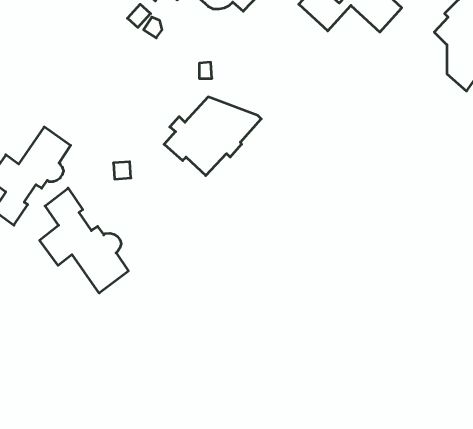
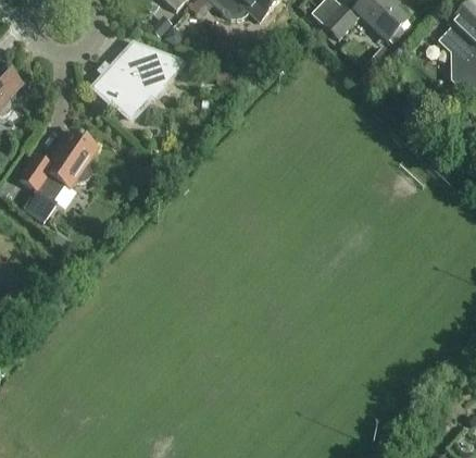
building: [164,97,261,176] -> [91,41,183,115]
building: [40,188,128,293] -> none

